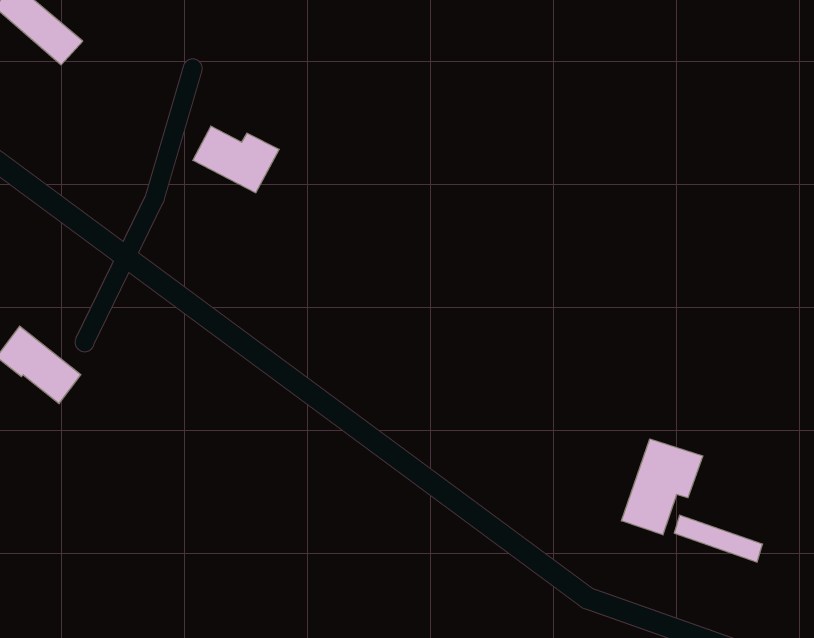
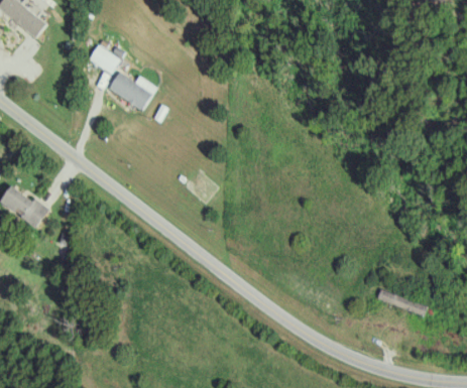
building: none -> [89,45,123,74]
building: [621,439,703,535] -> none

